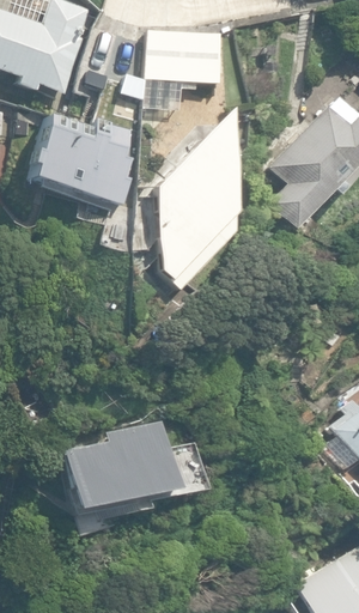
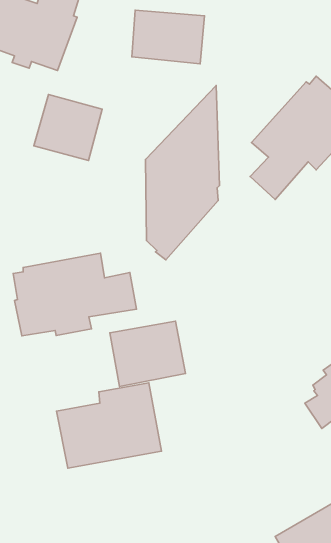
building: none -> [13,253,136,336]
building: none -> [110,321,186,386]

